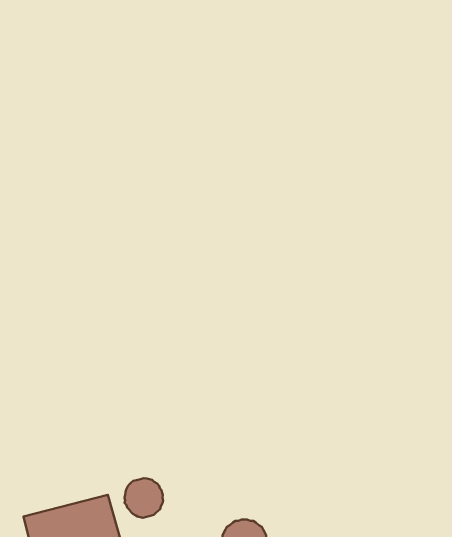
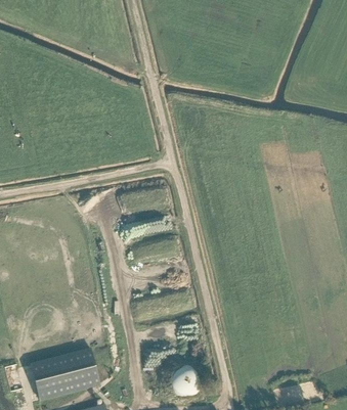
building: [125,478,163,518] -> none

